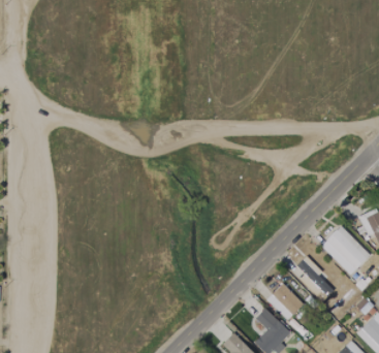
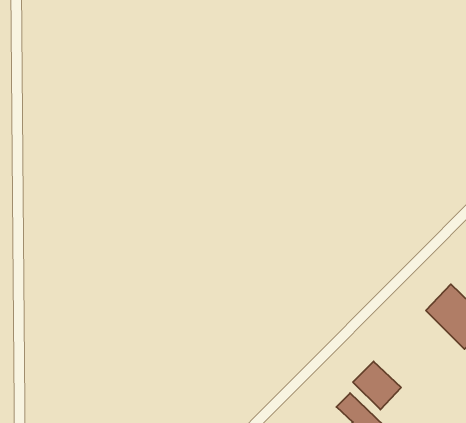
building: [292,256,334,301] -> none

